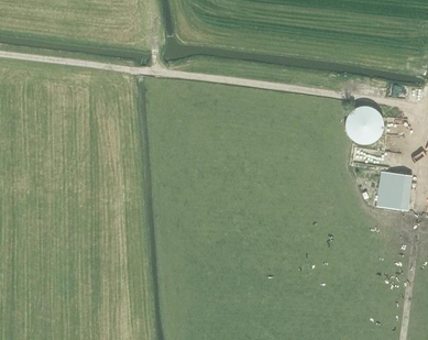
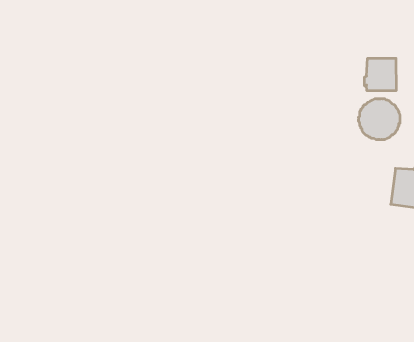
building: none -> [365,58,396,91]

